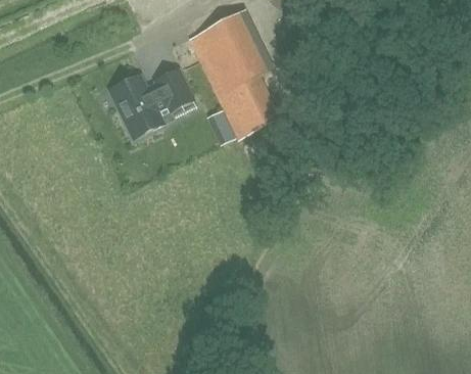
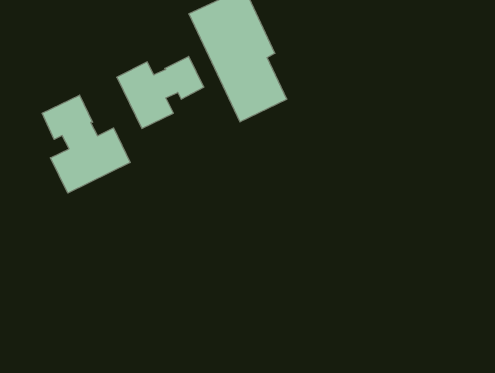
building: none -> [42,95,130,193]

